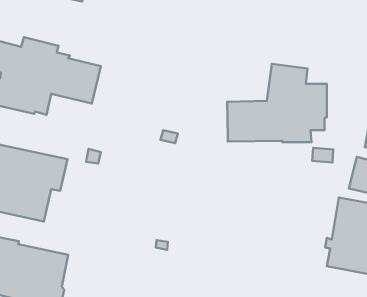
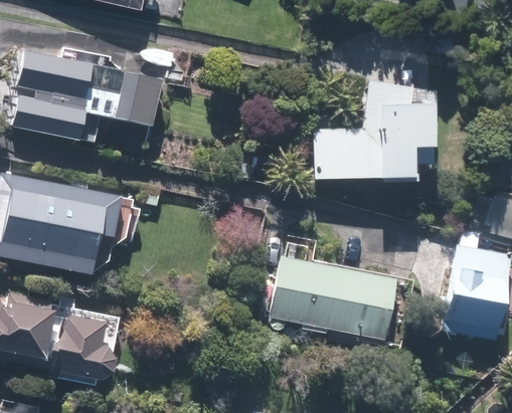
building: none -> [267,256,394,342]

